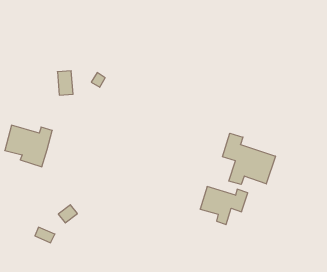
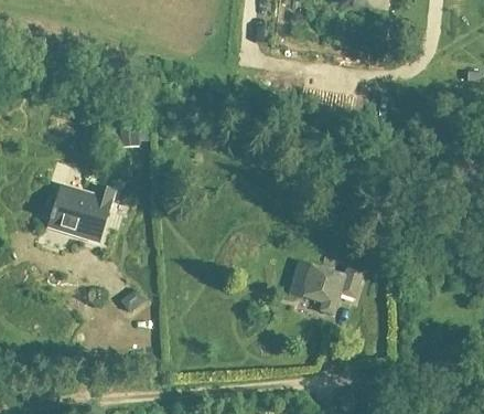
building: [222,133,275,184] -> none

